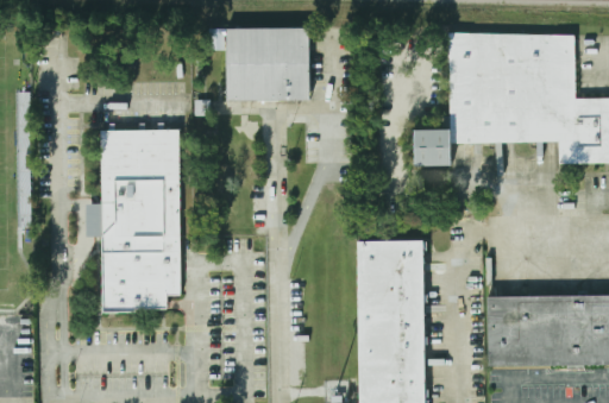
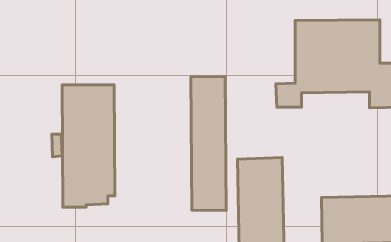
building: [226,26,310,100] -> none
building: none -> [191,76,226,211]

